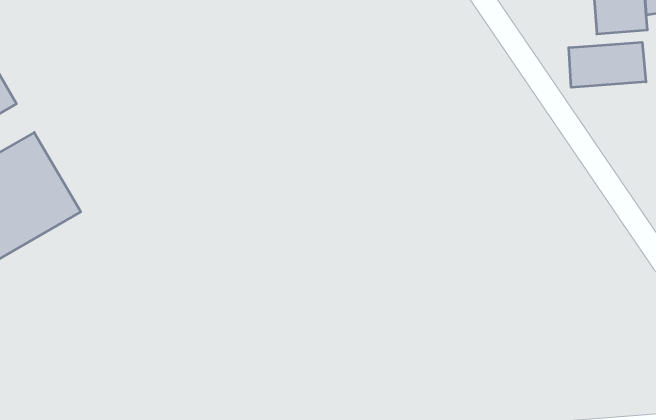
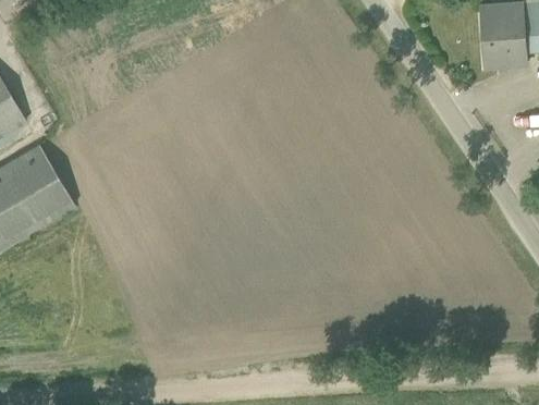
building: [569,42,646,87] -> none

